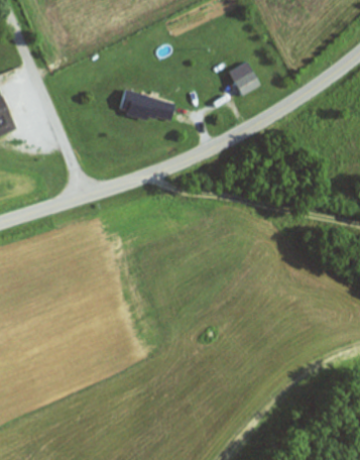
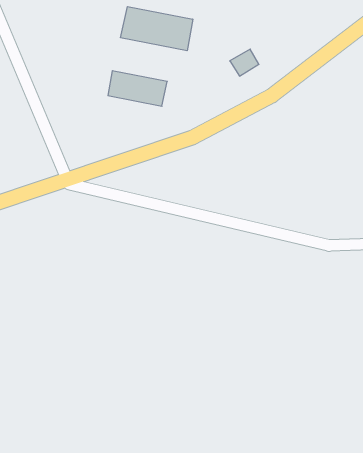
building: none -> [121,7,193,51]

